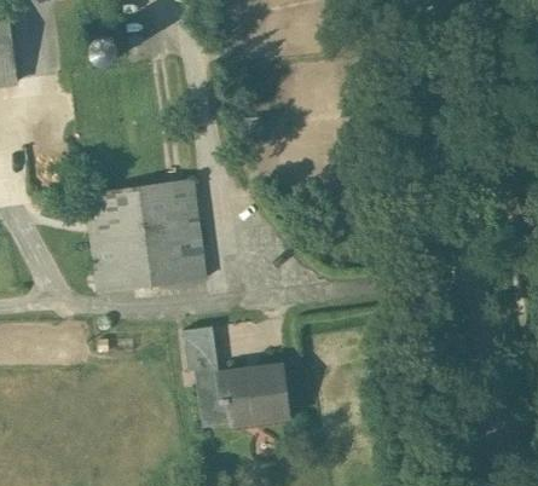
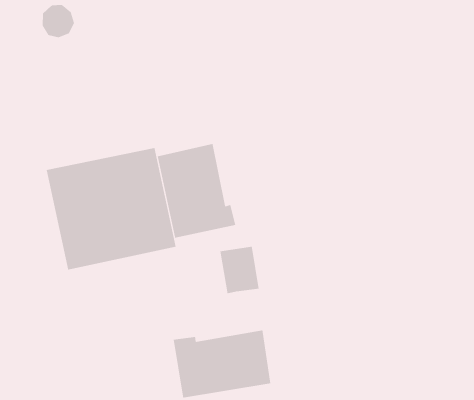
building: none -> [157,143,236,239]
building: [181,325,218,370] -> [220,246,260,294]

